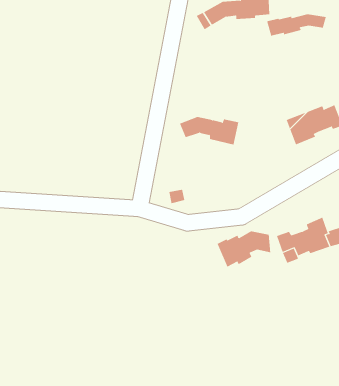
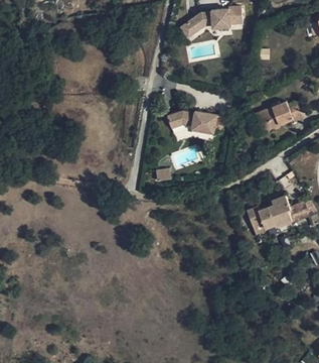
building: [266,14,327,36] -> none
building: [217,231,271,267] -> none

